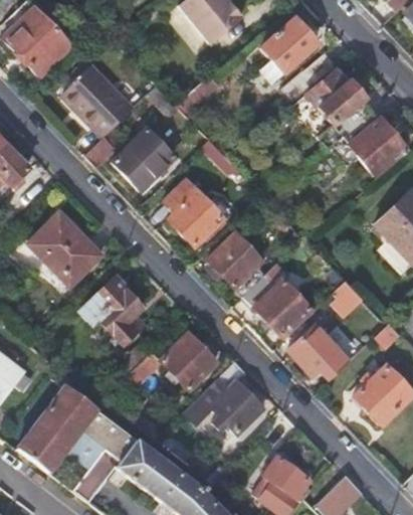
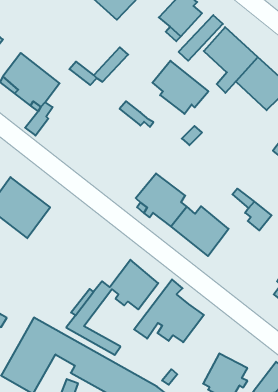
building: [112,128,176,192] -> none
building: [160,179,225,244] -> [152,61,208,114]
building: [76,279,145,340] -> none
building: [288,325,351,379] -> none

